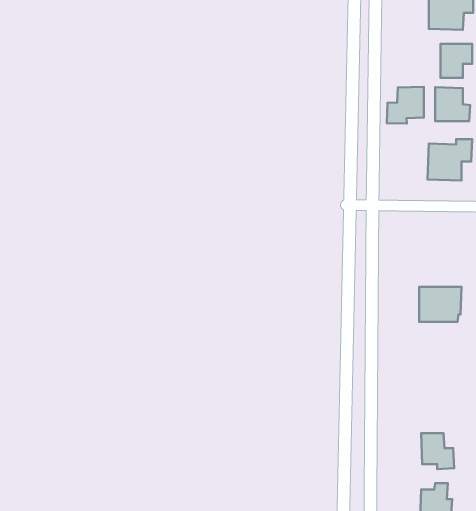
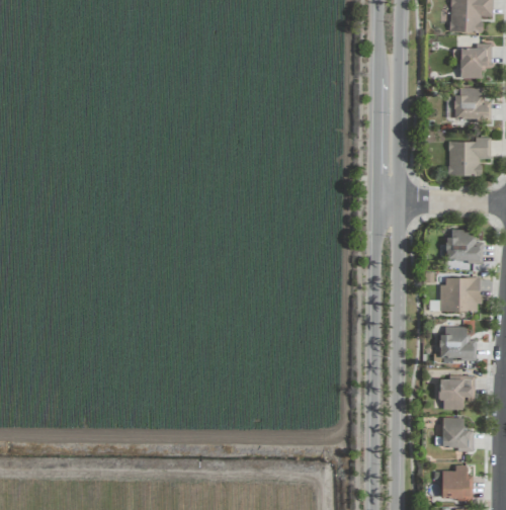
building: [387,87,424,123] -> none
building: none -> [446,229,482,266]
building: none -> [439,326,475,359]
building: none -> [440,376,475,409]

